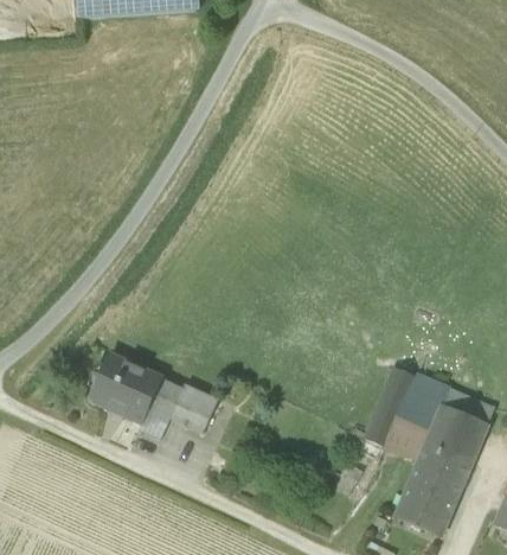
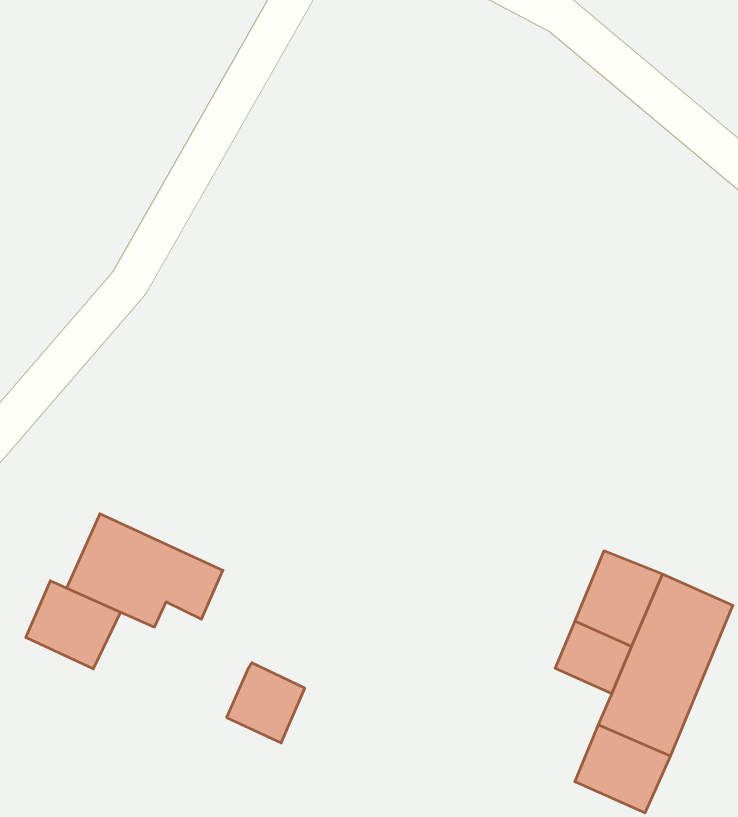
building: [364,368,415,448] -> none
building: [171,385,218,434] -> [227,663,305,743]
building: none -> [26,581,120,669]

